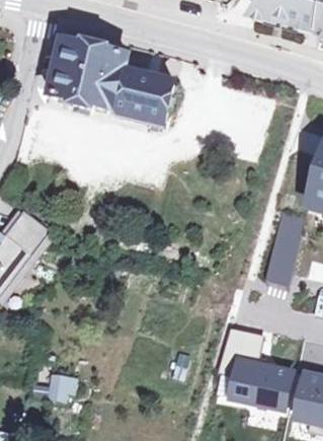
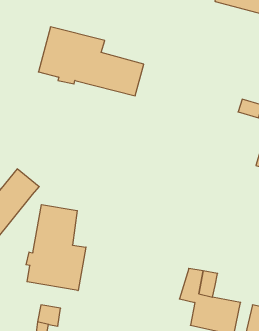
building: [262,211,301,288] -> none
building: none -> [26,205,86,291]

